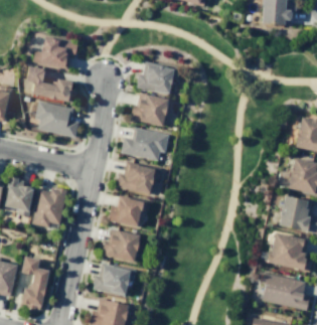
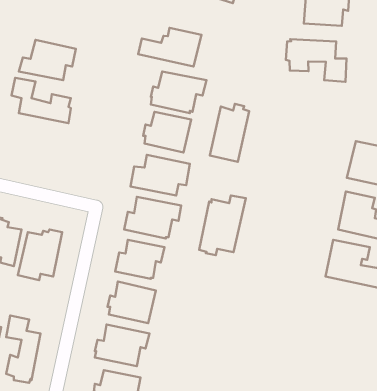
building: none -> [138,28,201,66]
building: none -> [286,39,347,82]
building: none -> [210,104,249,162]
building: [35,102,78,137] -> none
building: none -> [199,195,246,255]
building: [265,232,311,272] -> none
building: [260,273,307,310] -> none

